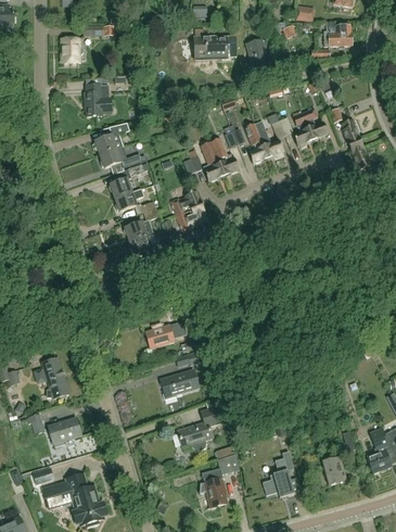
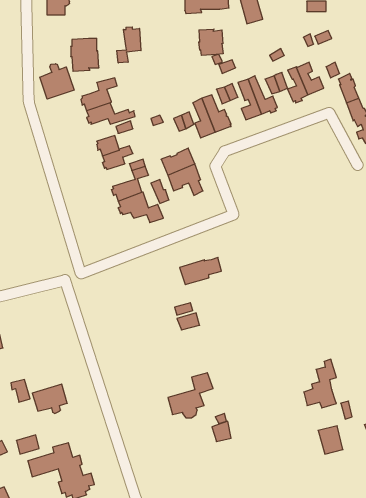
building: none -> [117,27,141,63]
building: none -> [199,29,223,55]
building: none -> [40,64,74,99]
building: [145,321,186,347] -> [180,257,221,285]
building: [35,356,69,398] -> none
building: [161,369,199,398] -> none
building: [263,451,294,497] -> [304,359,336,408]
building: [200,468,228,507] -> none

